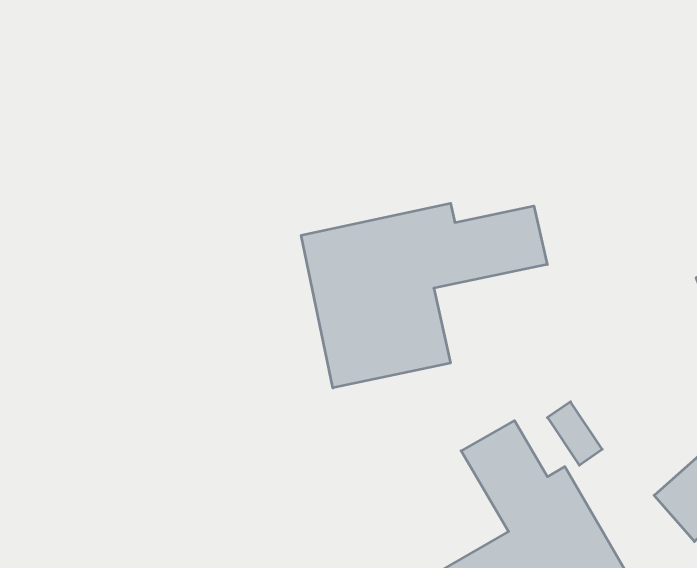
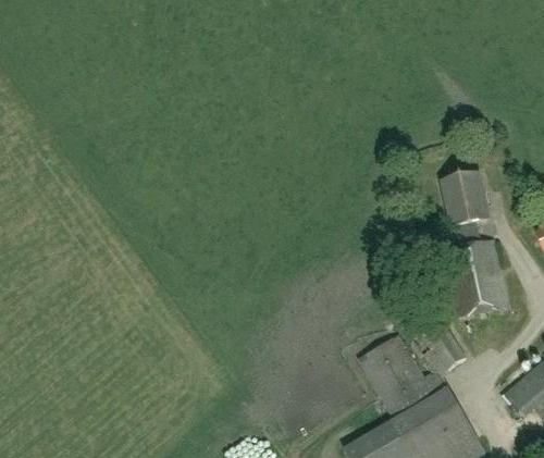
building: none -> [443,170,508,313]
building: [301,203,547,388] -> none

